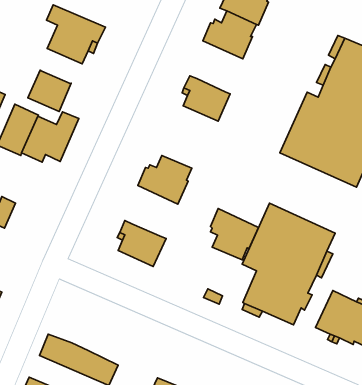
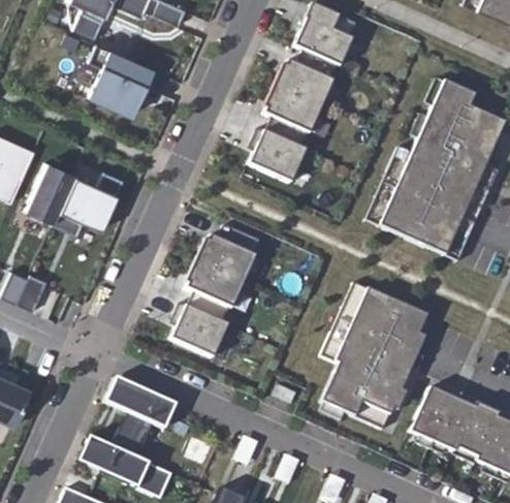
building: none -> [264,85,323,147]
building: [28,70,71,112] -> none
building: [211,209,258,260] -> [187,259,245,321]
building: none -> [106,379,179,459]

